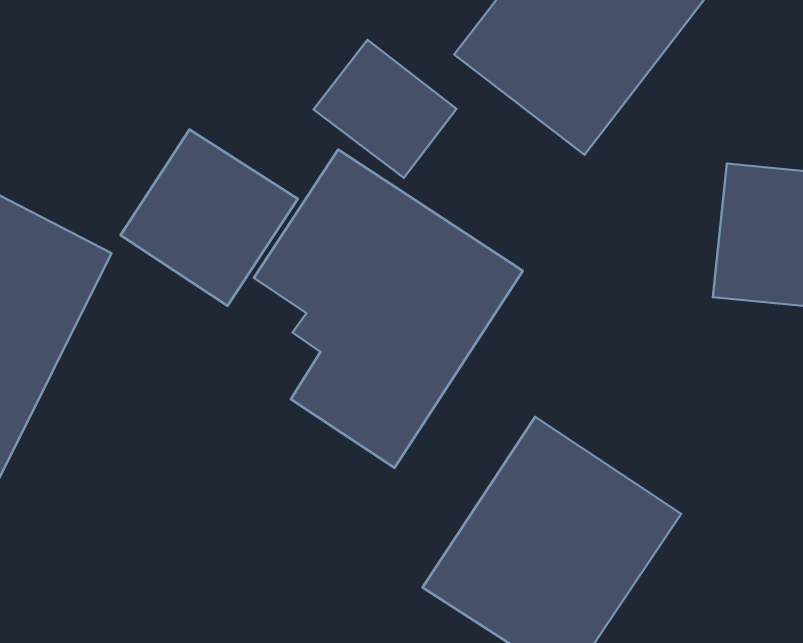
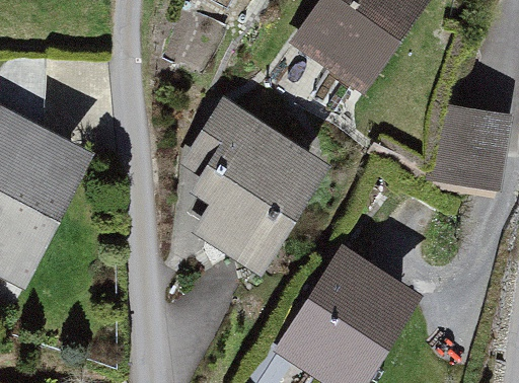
building: [314,40,456,178] -> none
building: [121,130,298,306] -> none

